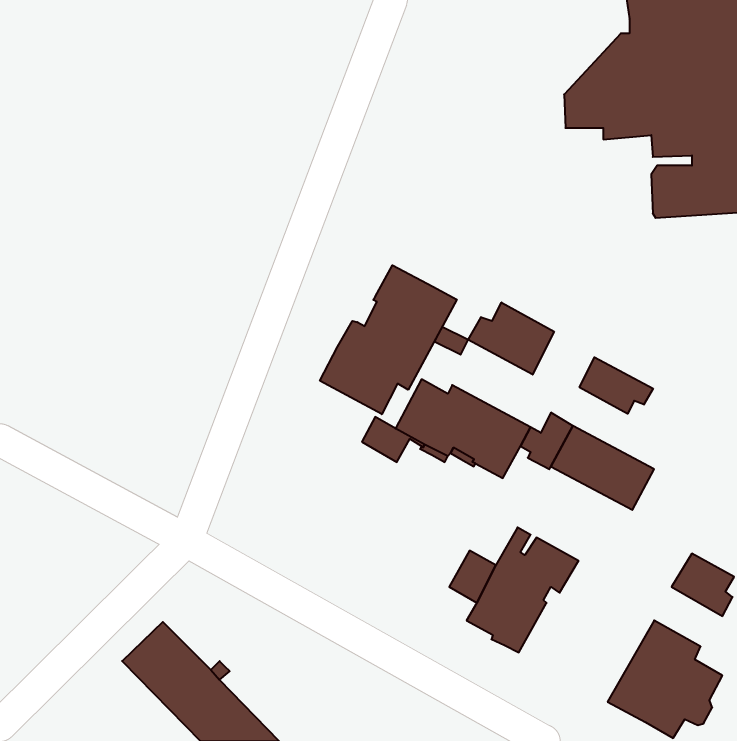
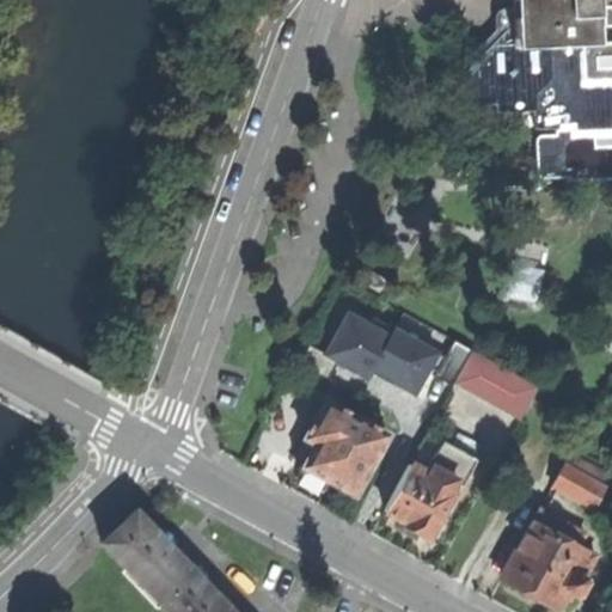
building: [320,265,457,414] -> none
building: [468,302,554,375] -> none
building: [580,357,653,414] -> none
building: none -> [299,400,392,496]

